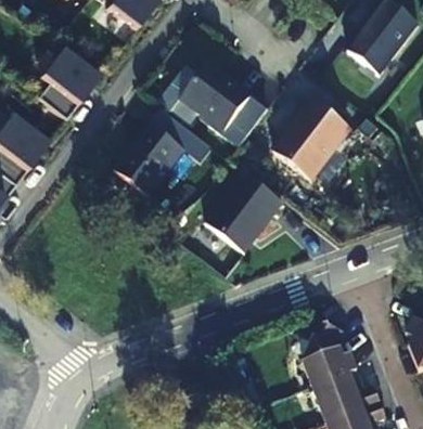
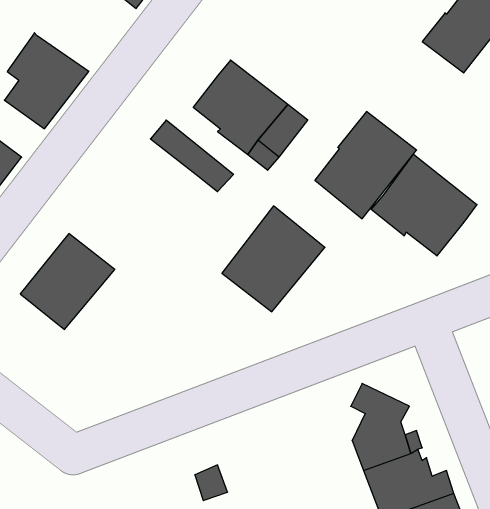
building: [156,70,201,133] -> none
building: [111,128,182,200] -> [20,234,115,329]
building: none -> [371,154,477,256]

